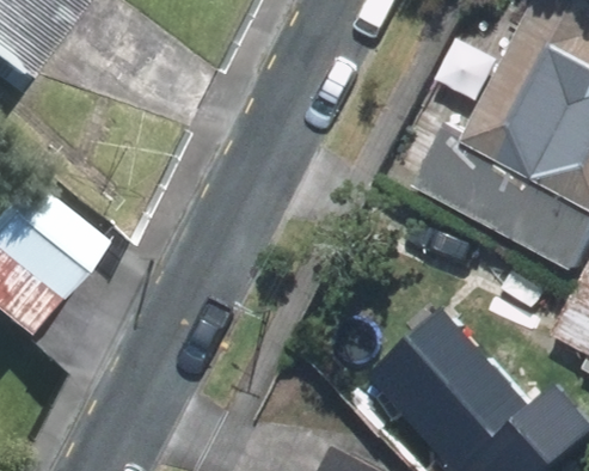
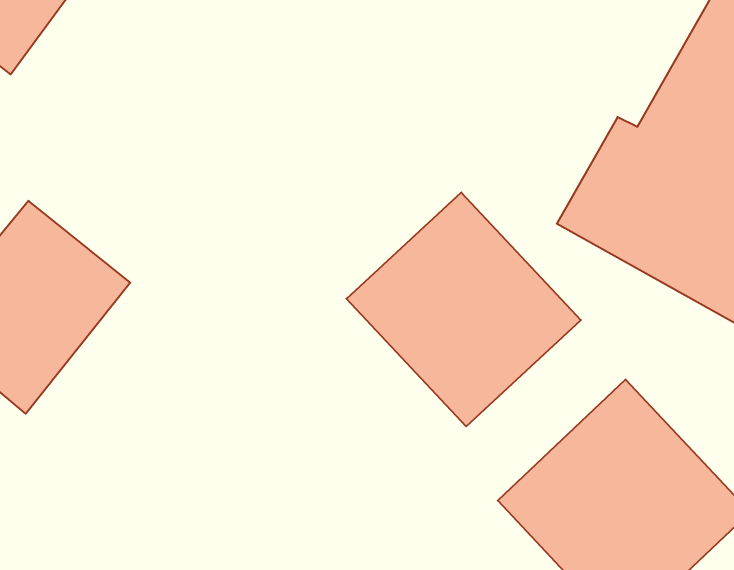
building: none -> [346,192,581,426]

